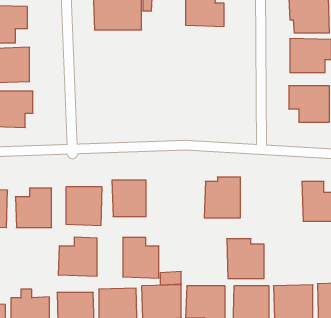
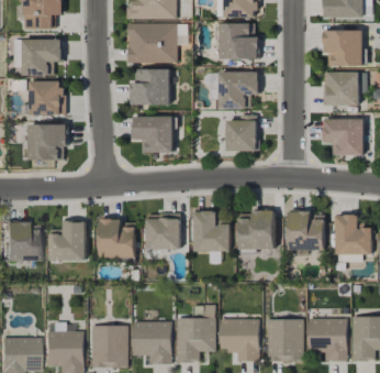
building: none -> [130,68,170,106]
building: none -> [219,72,259,109]
building: none -> [226,114,257,151]
building: none -> [133,117,174,153]
building: [59,237,97,276] -> none
building: [123,237,159,278] -> [194,211,231,252]
building: [227,239,264,278] -> [288,211,325,251]

